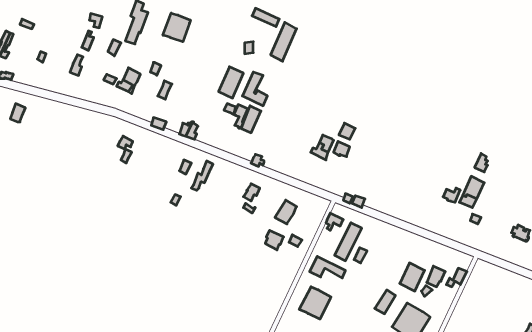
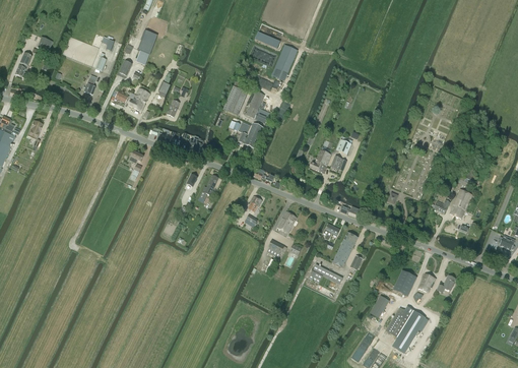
building: [163,13,190,42] -> none
building: [299,287,331,319] -> none

